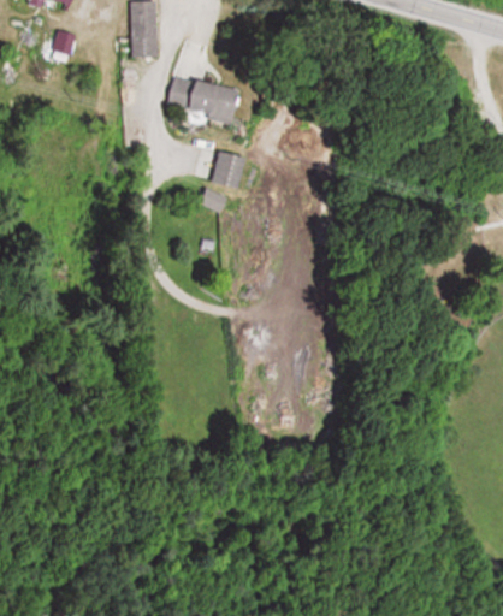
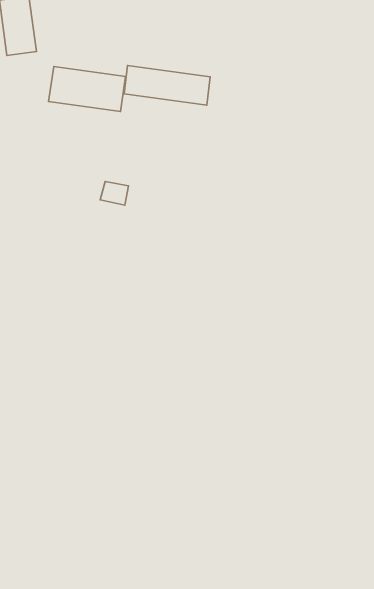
building: none -> [124,65,210,105]
building: [211,150,247,189] -> none

